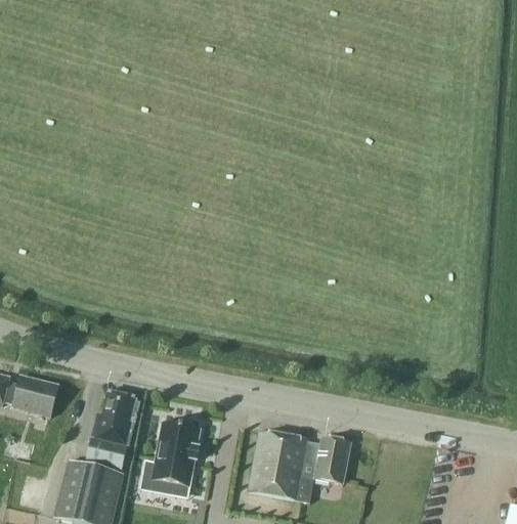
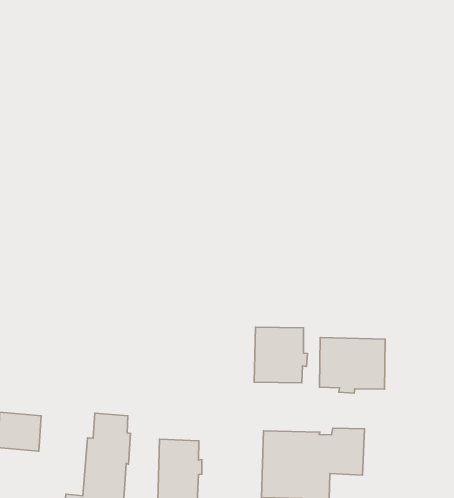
building: none -> [254,327,307,383]
building: none -> [320,337,385,393]

